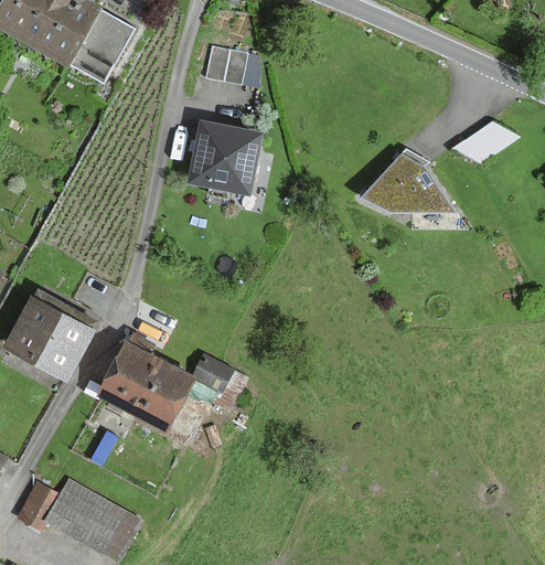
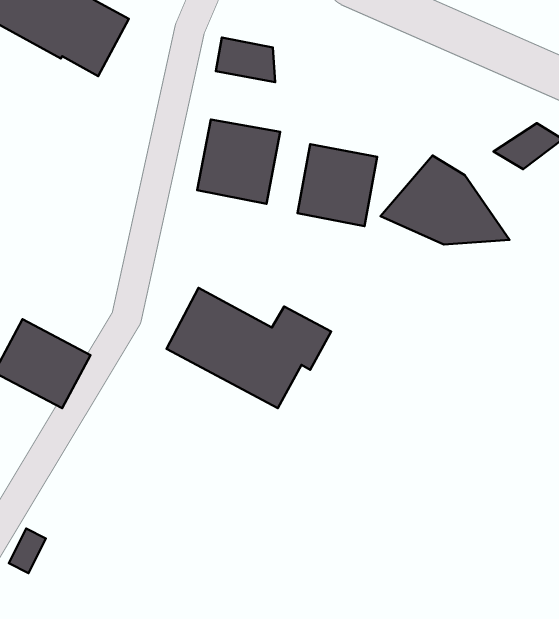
building: none -> [297,144,377,226]
building: [99,338,246,445] -> [166,288,331,408]
building: [49,481,137,555] -> none

